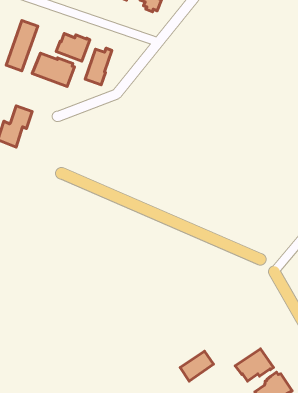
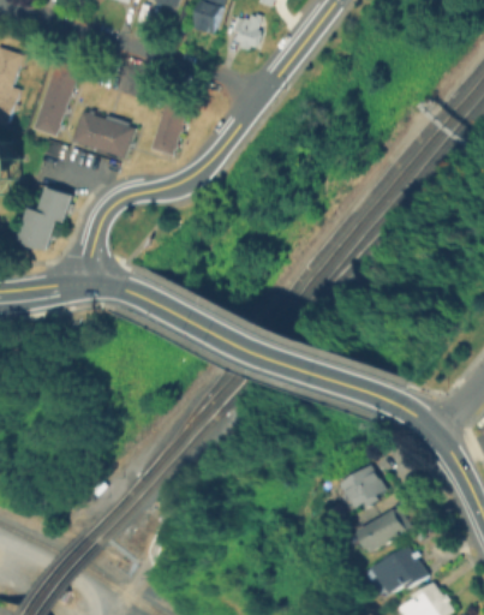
building: [56,34,90,61] -> none
building: none -> [335,466,386,509]
building: [180,351,213,381] -> [361,507,411,551]

